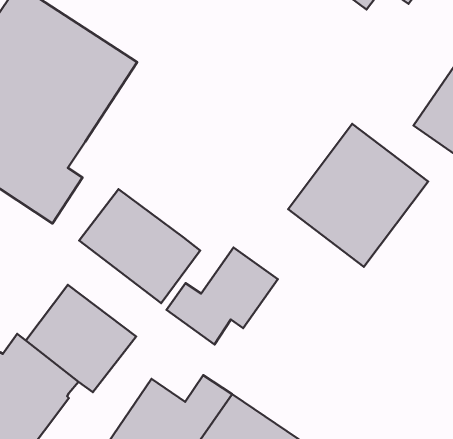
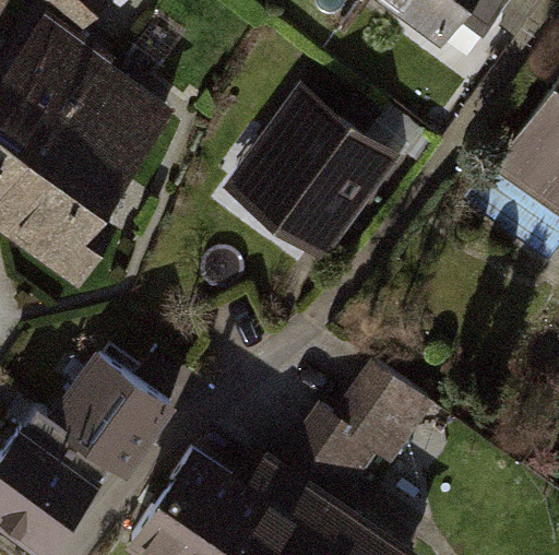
building: [288,124,428,267] -> [235,106,394,269]
building: [79,189,200,303] -> none
building: [166,248,278,344] -> [300,368,427,479]

